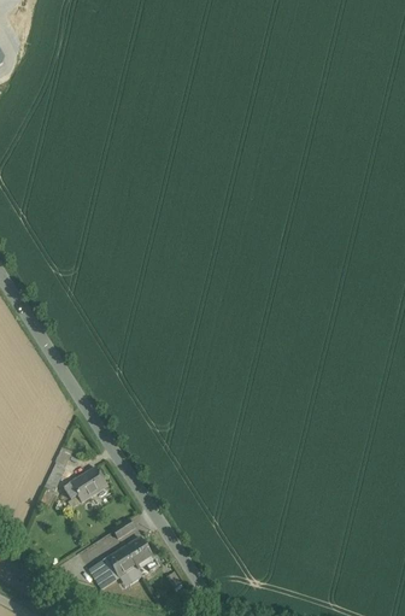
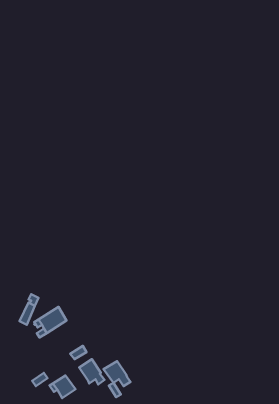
building: [105,547,141,581] -> [104,361,131,386]

